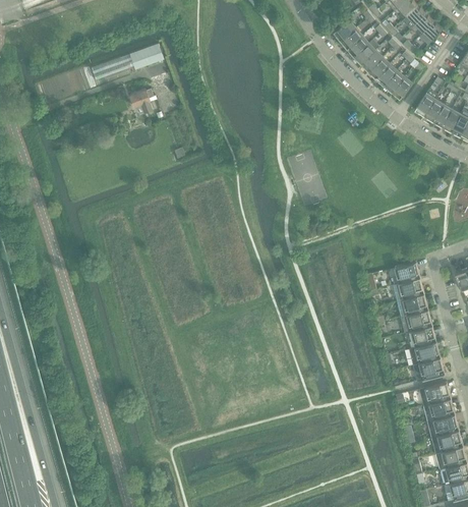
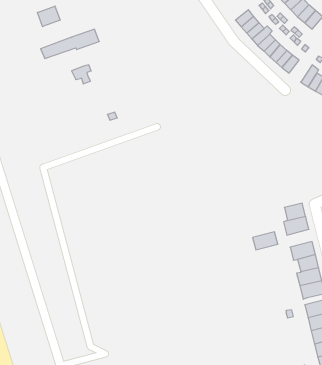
building: none -> [37,6,60,27]
building: [397,294,428,317] -> [253,232,278,250]

